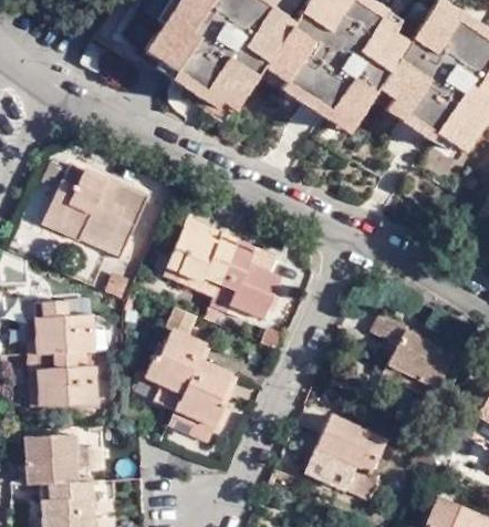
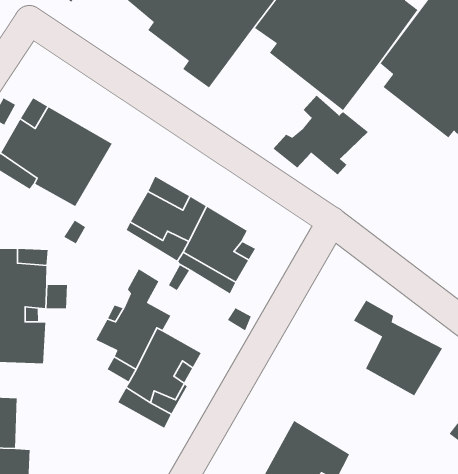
building: none -> [272,95,369,176]

